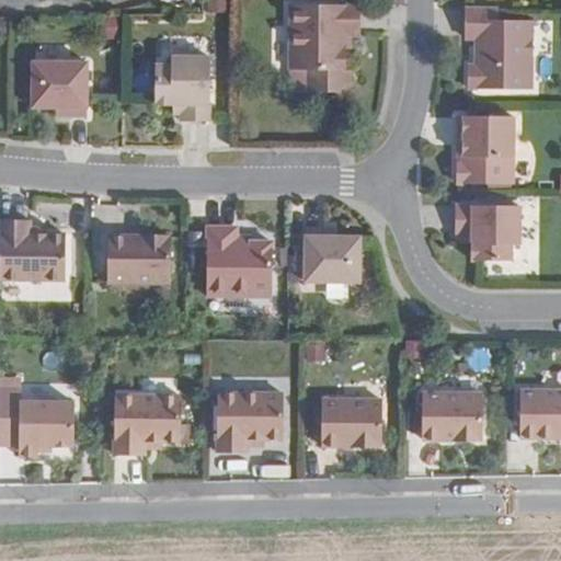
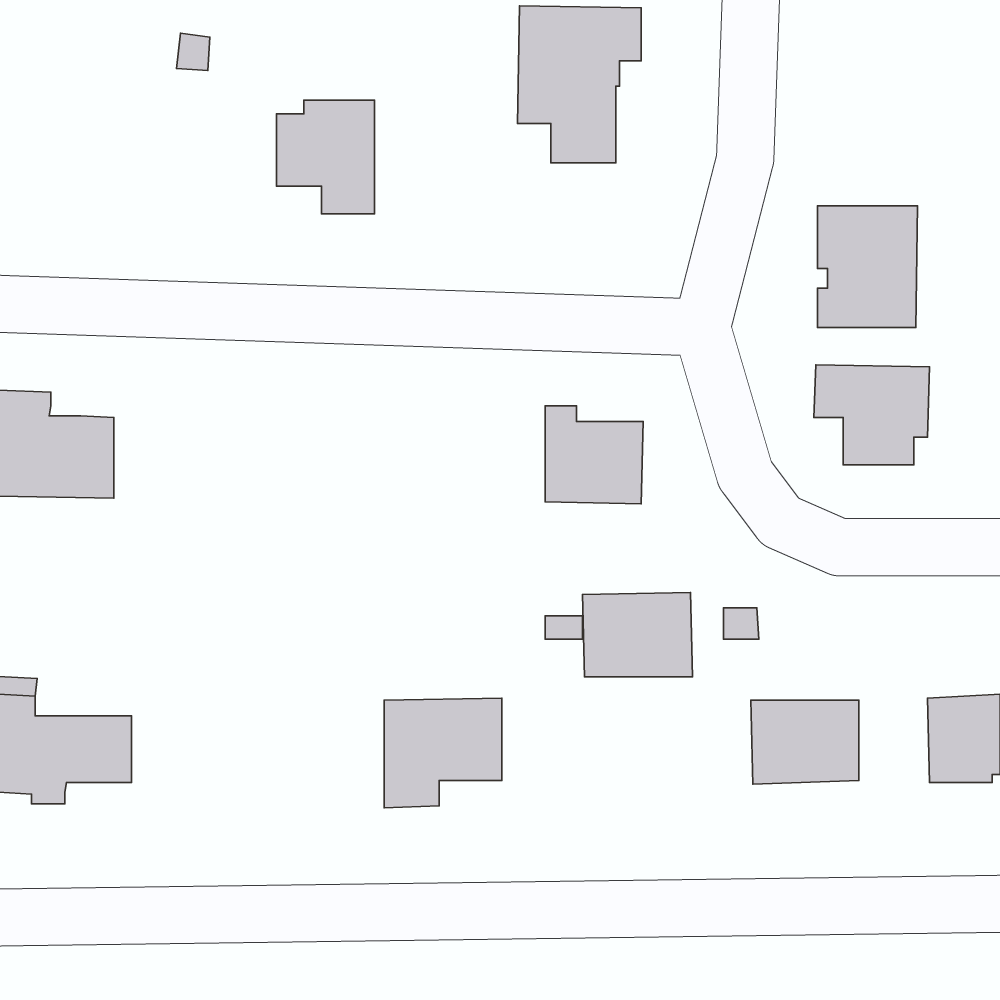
building: [465,8,531,89] -> none
building: [31,61,87,116] -> none
building: [206,227,272,296] -> none
building: [105,234,170,282] -> none
building: [114,392,181,453] -> none
building: [319,397,380,444] -> [583,593,692,677]

